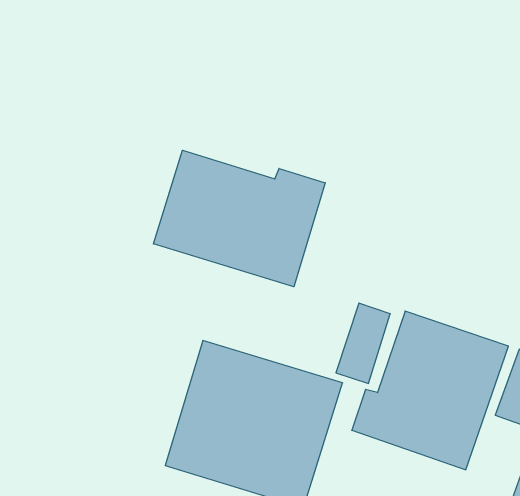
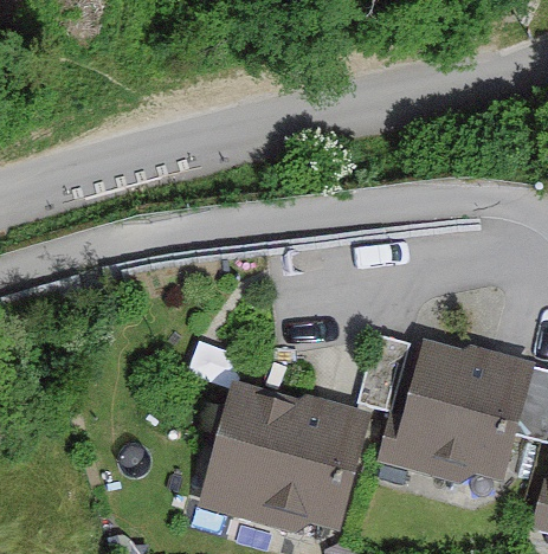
building: [153,150,325,287] -> none

